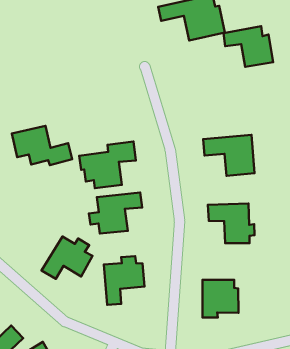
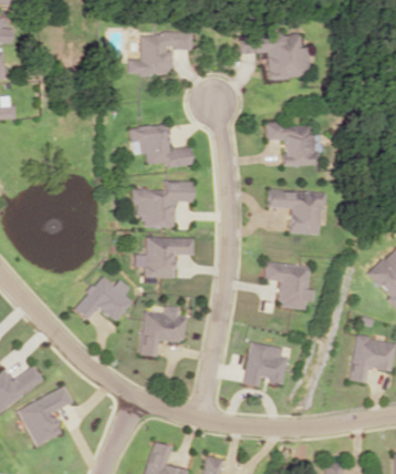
building: none -> [128,32,191,74]
building: [224,26,273,67] -> [267,123,316,165]
building: [12,126,72,165] -> [131,124,192,167]

